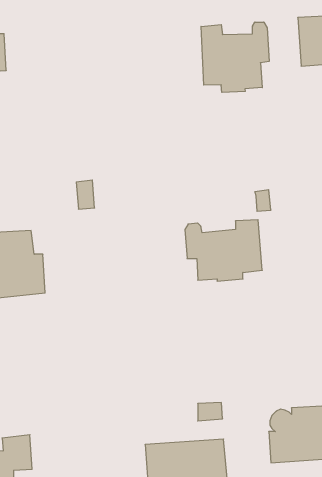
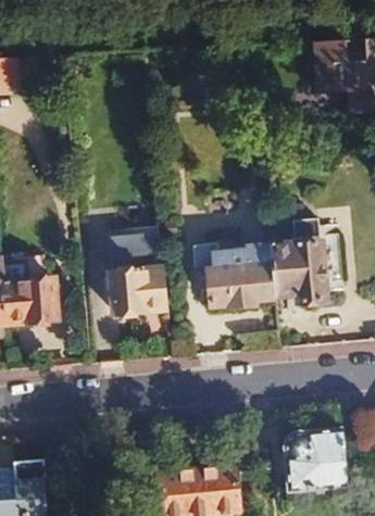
building: [201,22,269,92] -> none
building: none -> [273,218,330,302]
building: none -> [105,232,168,314]

